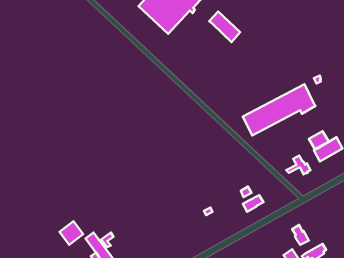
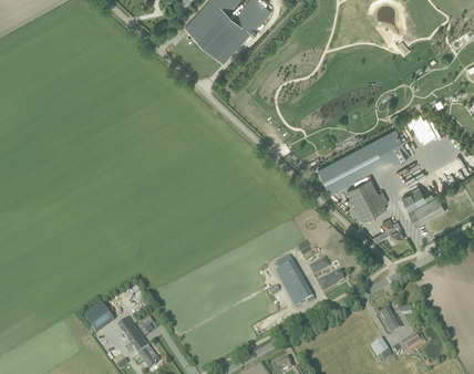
building: [209,11,240,42] -> none
building: none -> [347,178,389,221]
building: none -> [276,254,315,307]

